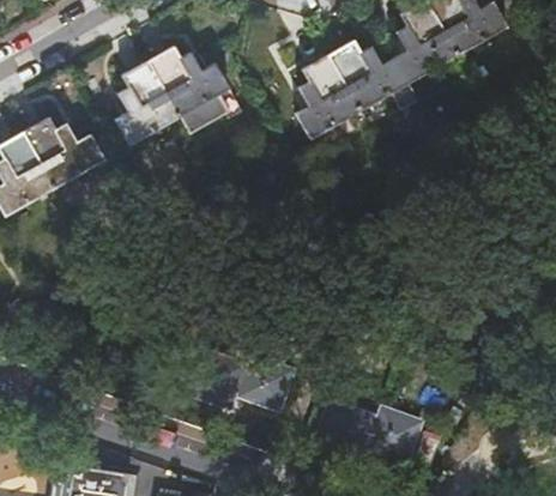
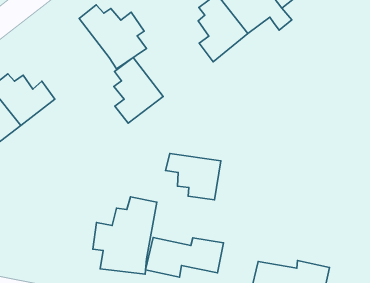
building: [116,60,180,143] -> [114,58,163,123]
building: none -> [166,154,221,200]
building: none -> [93,197,157,274]

